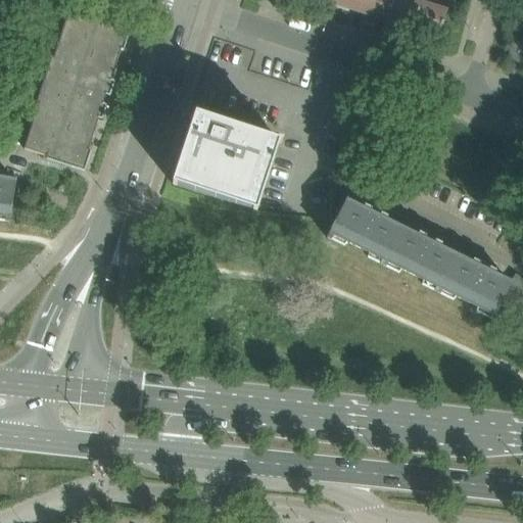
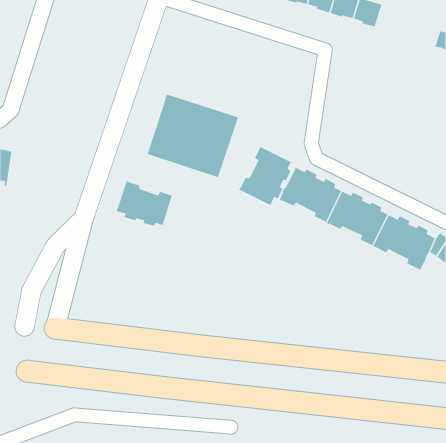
building: [23,8,129,167] -> none
building: none -> [238,146,292,206]
building: none -> [116,180,172,226]

